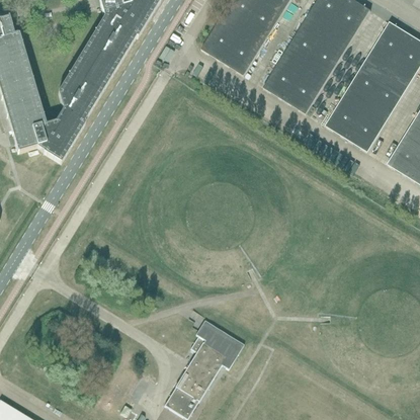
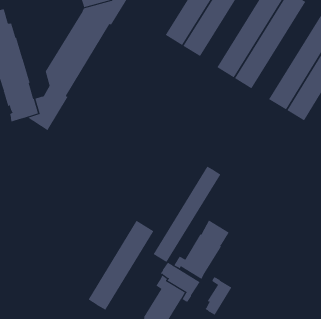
building: none -> [153,166,221,263]
building: none -> [173,220,229,280]
building: none -> [88,220,154,311]
building: none -> [204,277,232,315]

